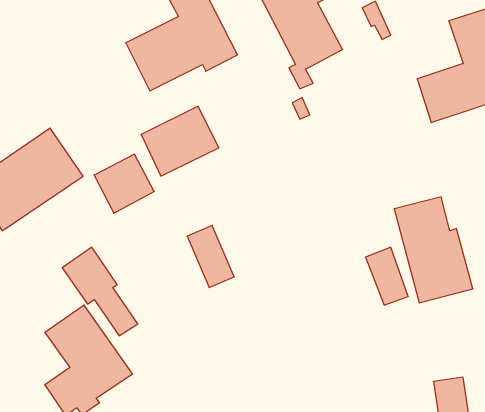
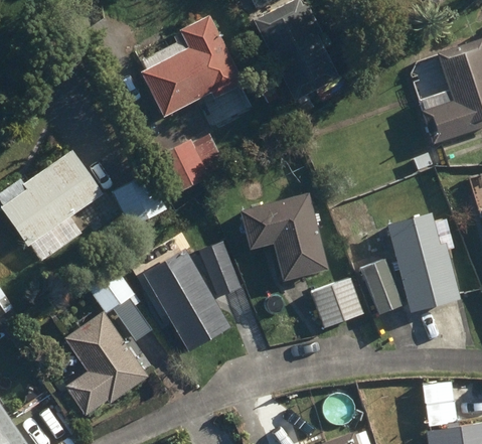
building: none -> [240,191,328,281]
building: none -> [143,249,230,350]
building: none -> [312,280,363,327]

